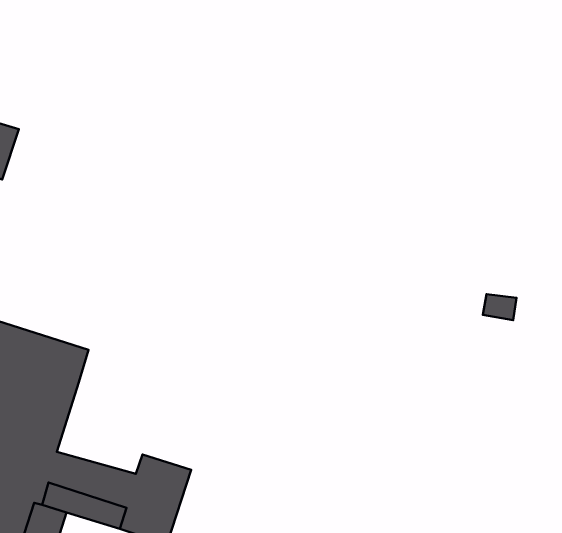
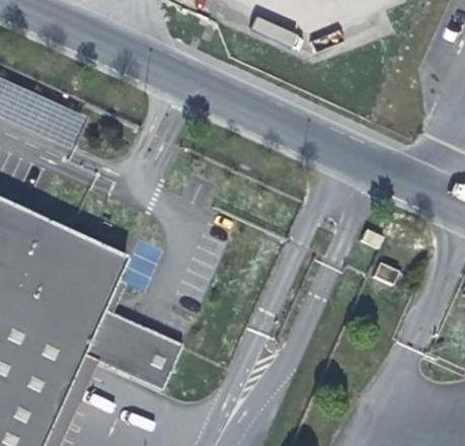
building: none -> [85,285,141,350]

